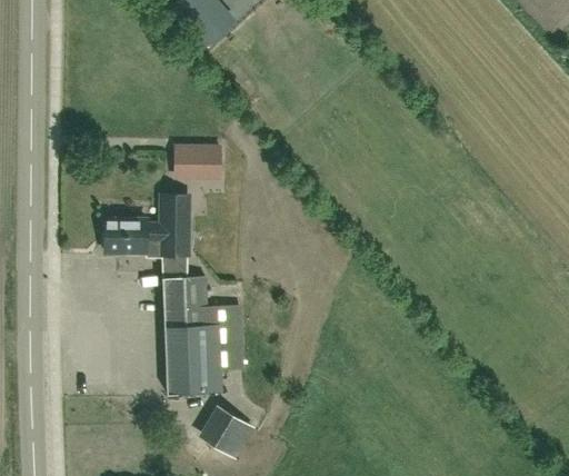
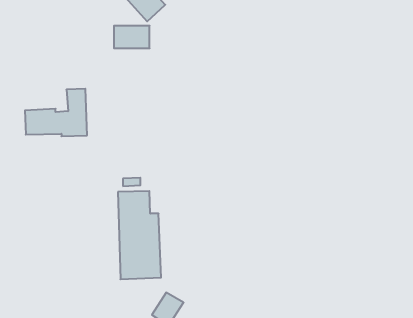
building: [174,145,222,175] -> [114,26,150,48]
building: [104,192,188,256] -> [25,89,87,136]

